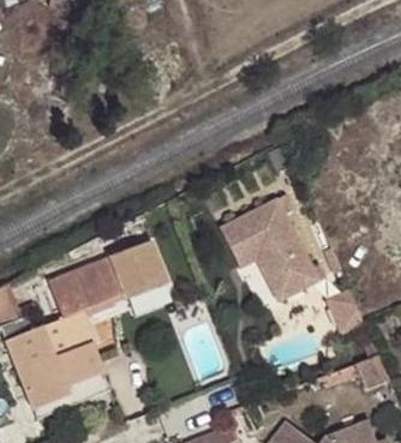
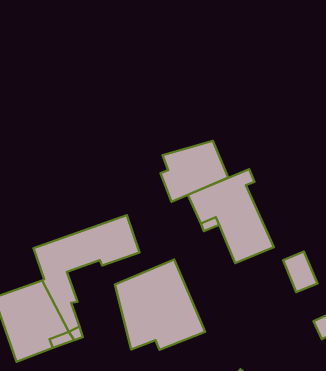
building: none -> [160,141,228,202]
building: none -> [115,260,205,350]

